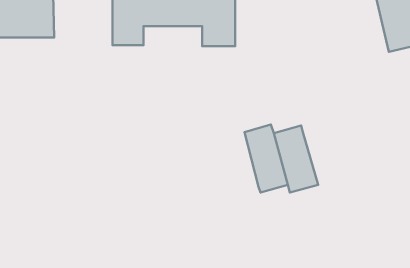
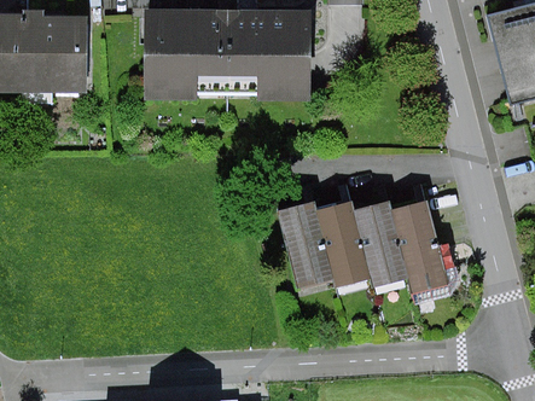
building: none -> [397,198,457,291]
building: none -> [285,199,341,286]

